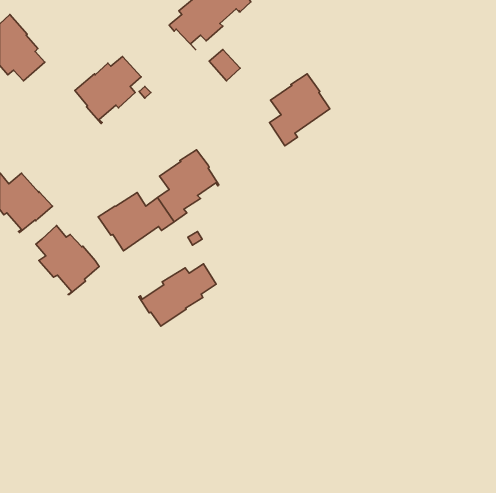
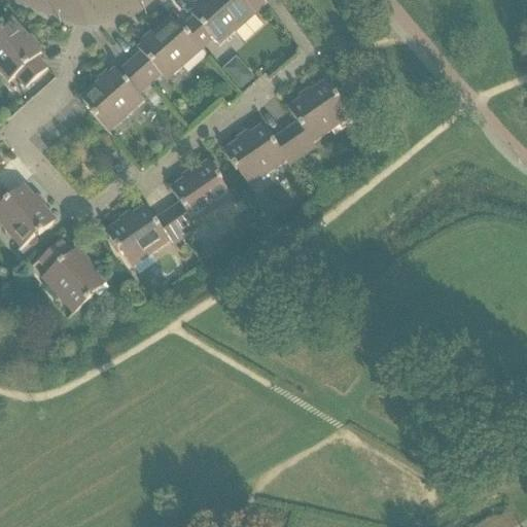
building: none -> [130,15,207,81]
building: none -> [221,122,302,185]
building: [139,264,216,326] -> none

